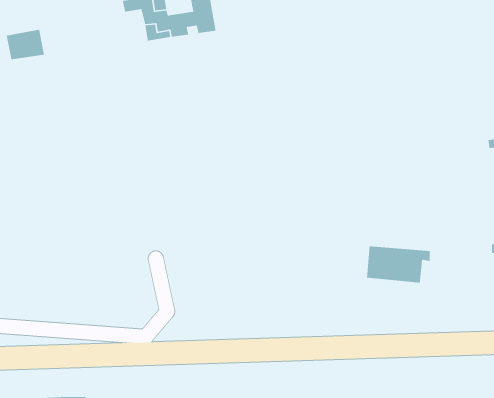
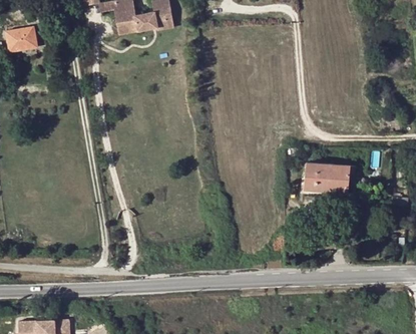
building: [366,246,430,283] -> [304,163,355,194]

